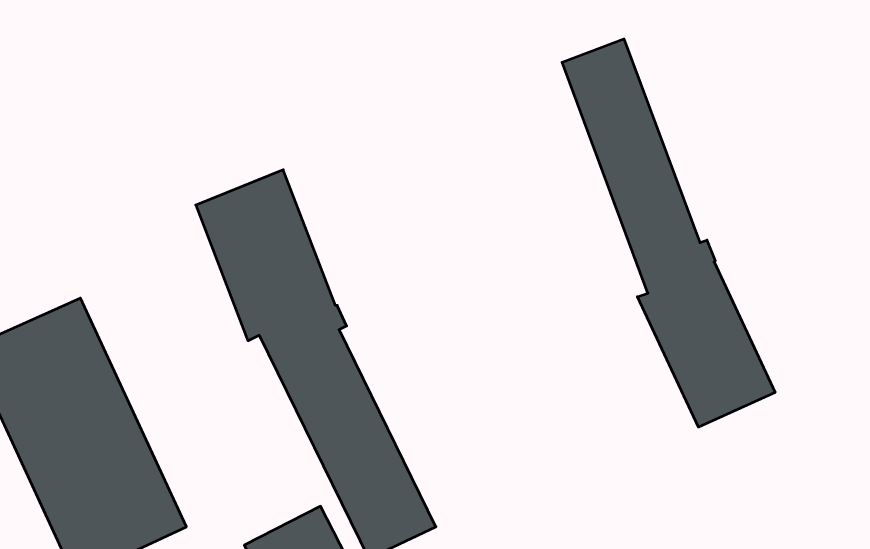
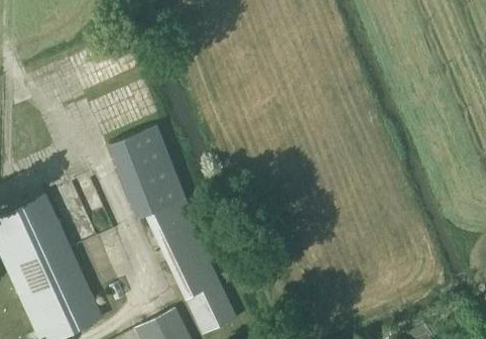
building: [562,39,775,427] -> none

